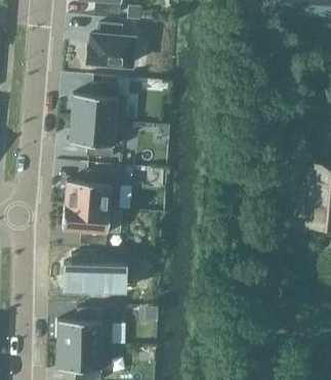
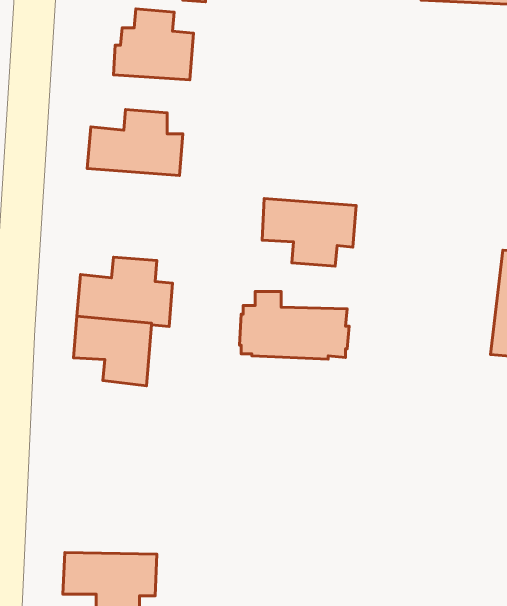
building: [69,118,124,158] -> [262,198,356,266]
building: [61,254,126,294] -> [240,291,349,359]
building: [56,308,112,345] -> none

